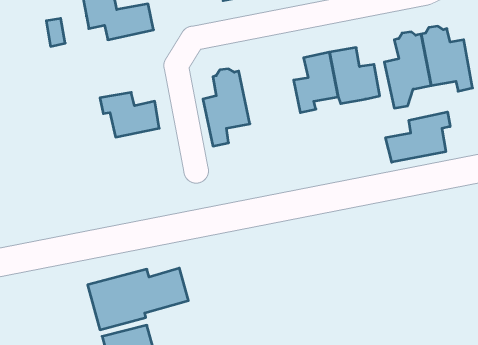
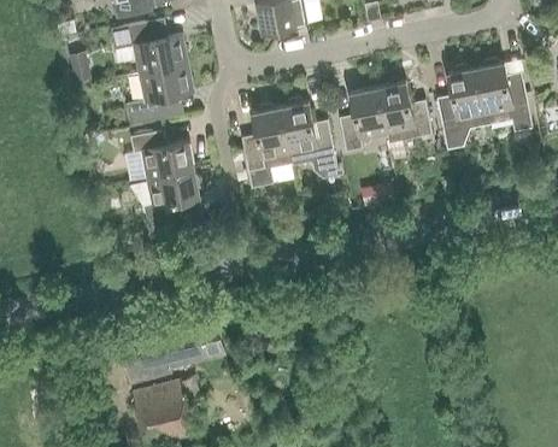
building: none -> [127,63,194,124]
building: none -> [280,99,337,176]
building: [386,112,450,162] -> none
building: none -> [145,169,200,239]

